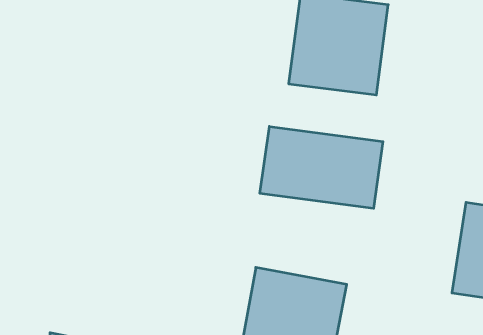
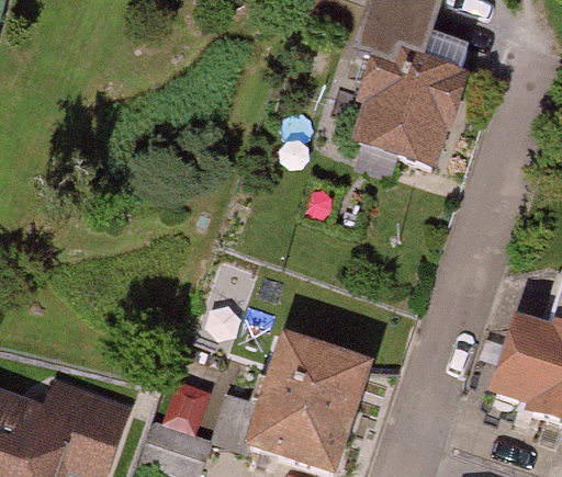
building: [260,126,383,208] -> none

